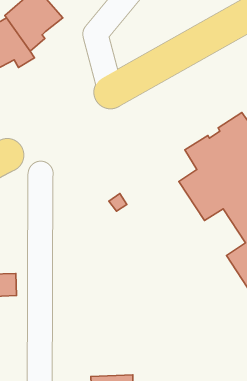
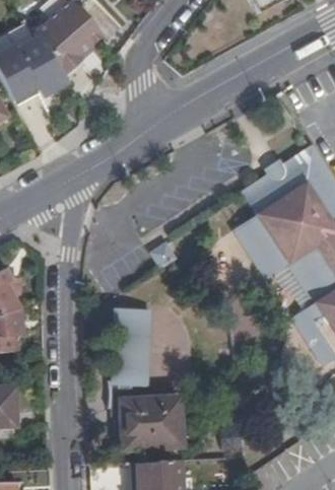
building: none -> [114,310,184,449]

